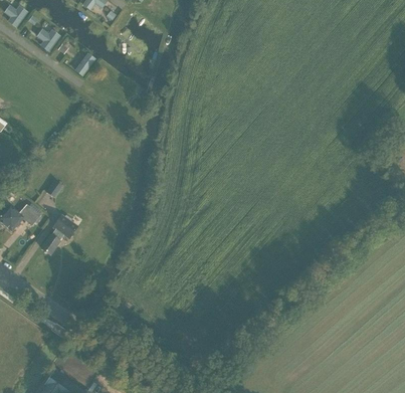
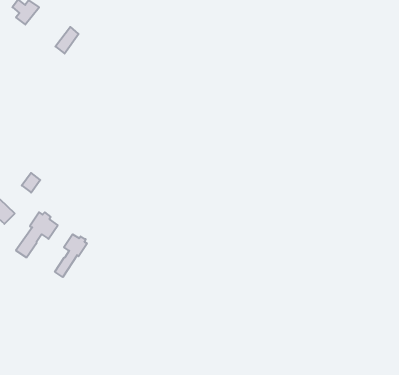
building: none -> [55,234,87,277]

